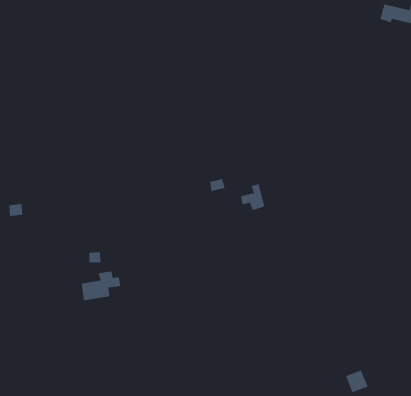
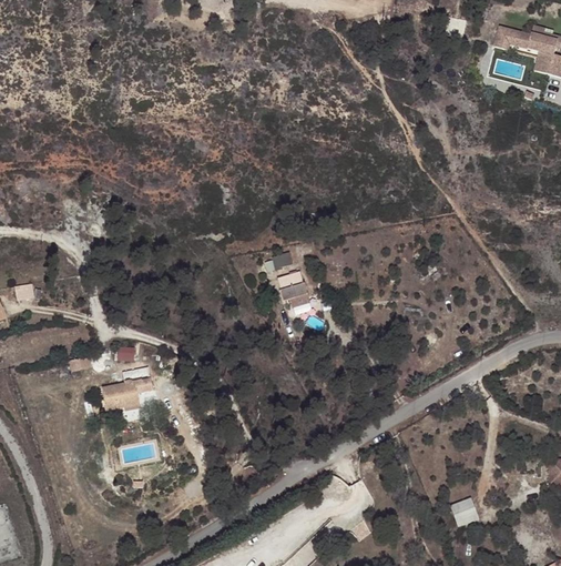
building: [240,183,265,211] -> [280,274,313,310]

